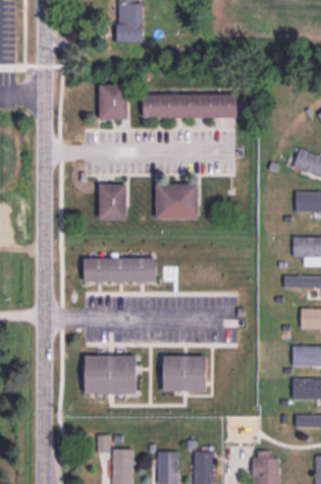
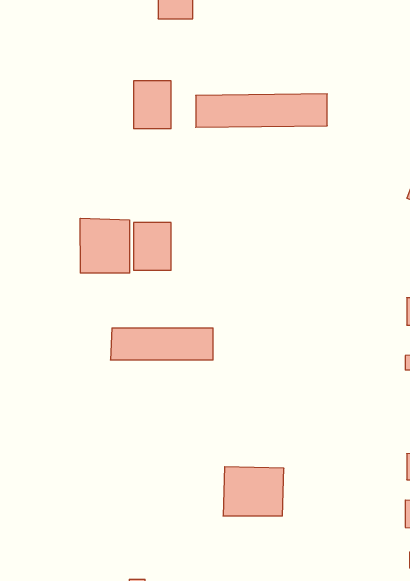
building: none -> [80,218,130,273]
building: [157,184,198,218] -> none
building: [86,355,137,394] -> none

